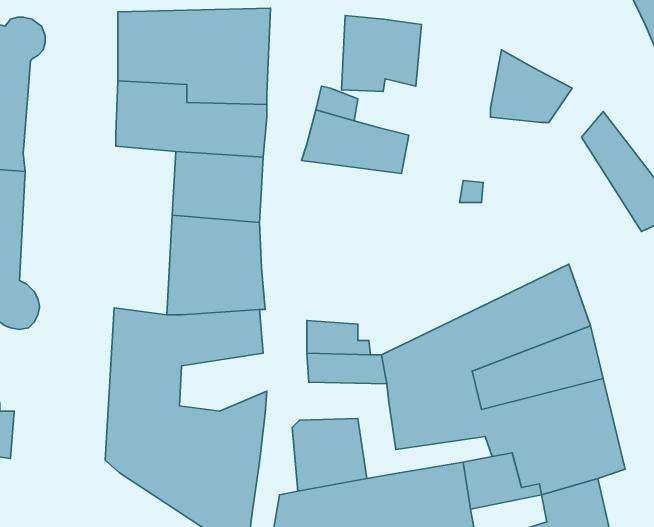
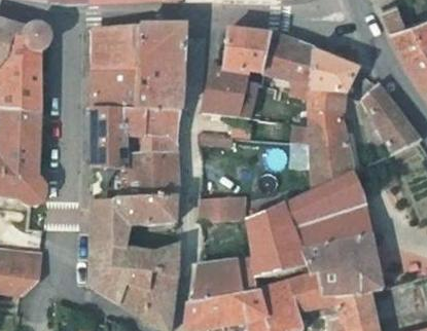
building: none -> [265,33,314,80]
building: none -> [308,85,352,187]
building: none -> [95,102,130,197]

